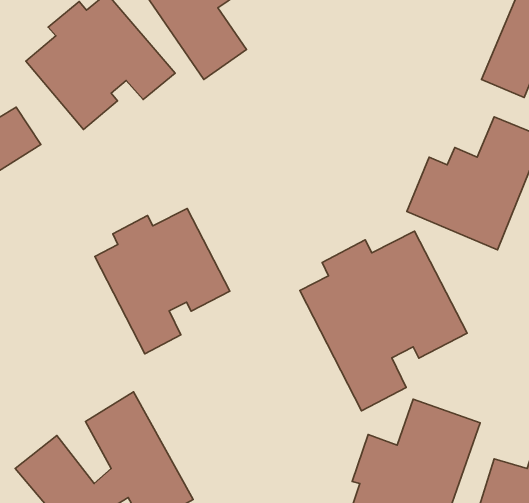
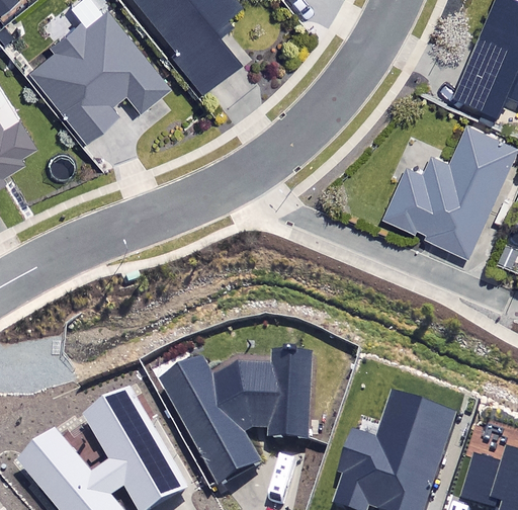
building: [95,209,230,354] -> none
building: [300,231,467,411] -> none
building: none -> [156,347,311,486]

